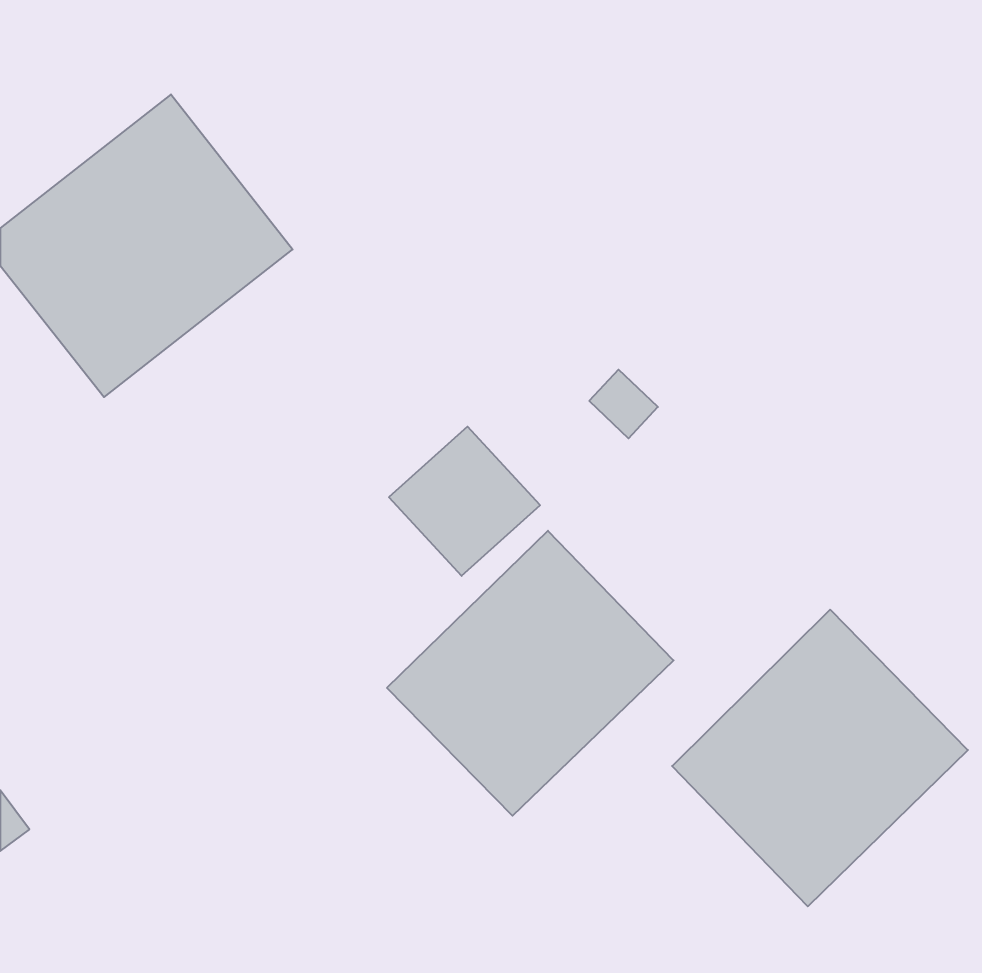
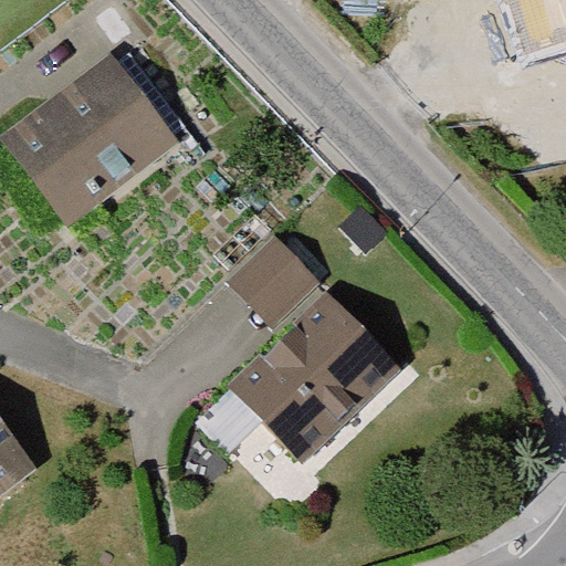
building: [672,610,968,906] -> none

